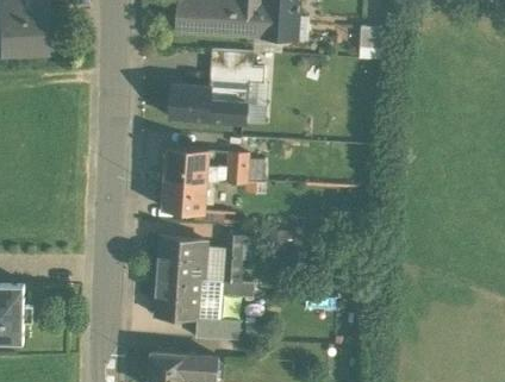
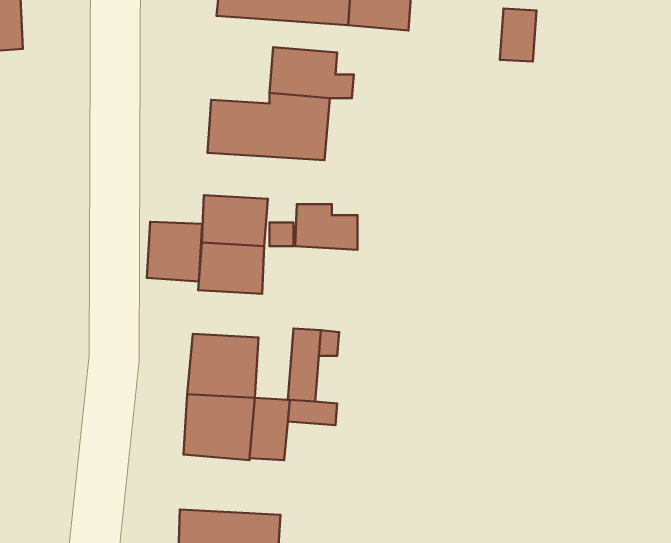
building: none -> [147,222,202,282]
building: [195,319,239,340] -> none

